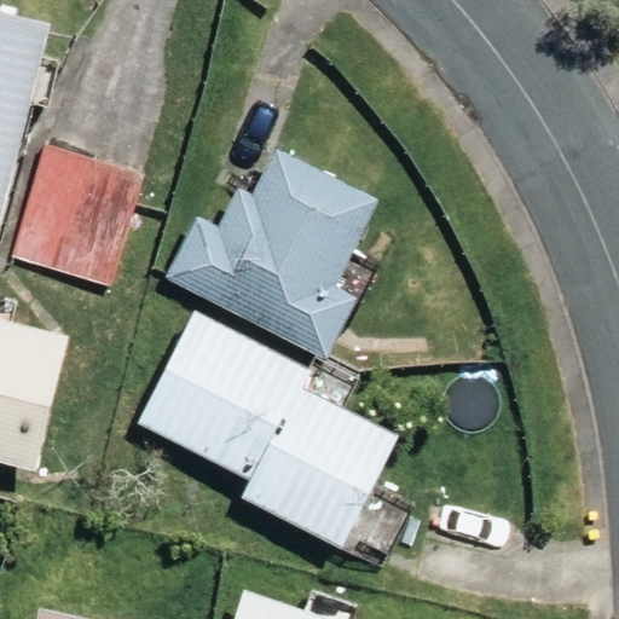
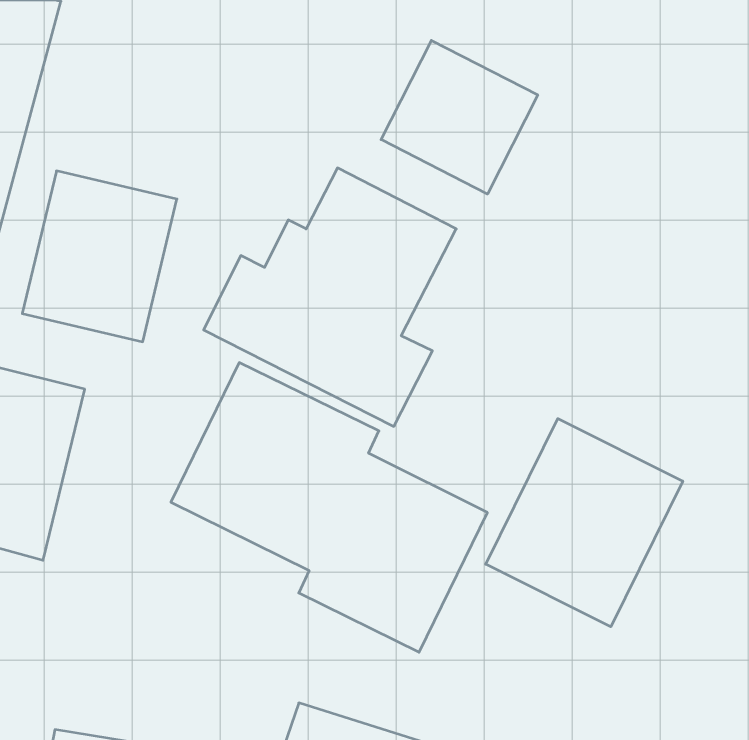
building: none -> [381,40,538,194]
building: none -> [486,419,683,627]

